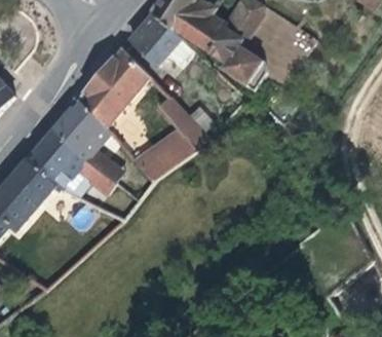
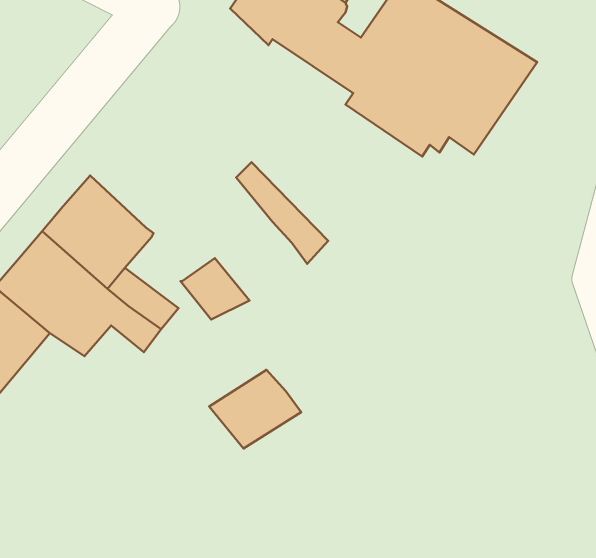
building: [129,10,193,66] -> none
building: [77,48,150,127] -> none
building: [144,124,193,166] -> [209,370,301,449]

